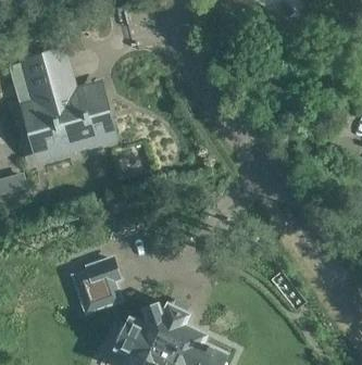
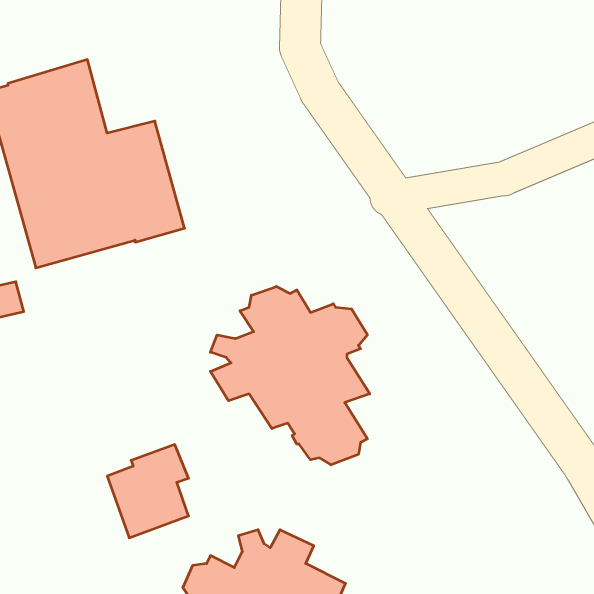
building: none -> [210,286,370,465]

